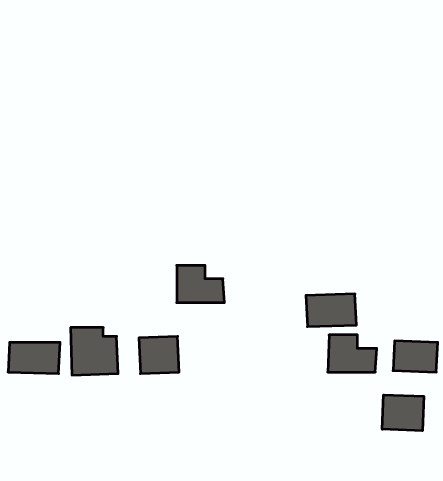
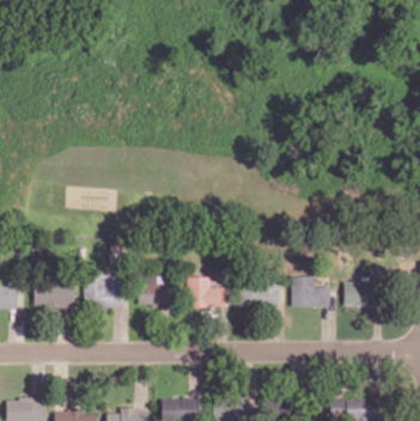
building: [177,265,224,303] -> [188,276,226,306]
building: [306,294,356,327] -> [238,280,279,306]
building: [382,395,424,431] -> none

